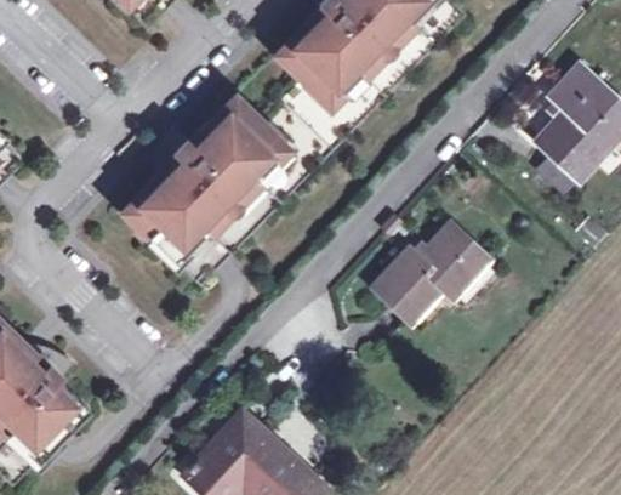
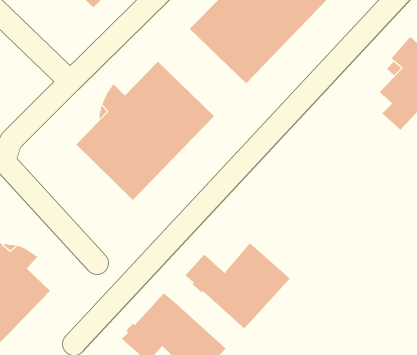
building: [372,222,485,315] -> none
building: none -> [184,242,291,329]

